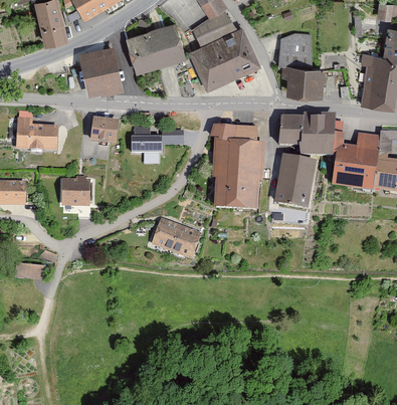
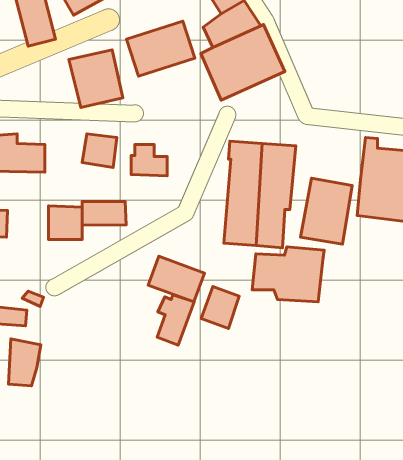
building: [278,32,325,97] -> none
building: [268,110,329,156] -> [252,247,324,302]
building: none -> [82,201,126,225]
building: none -> [201,287,239,329]
building: none -> [157,295,194,345]
building: none -> [9,339,41,386]

